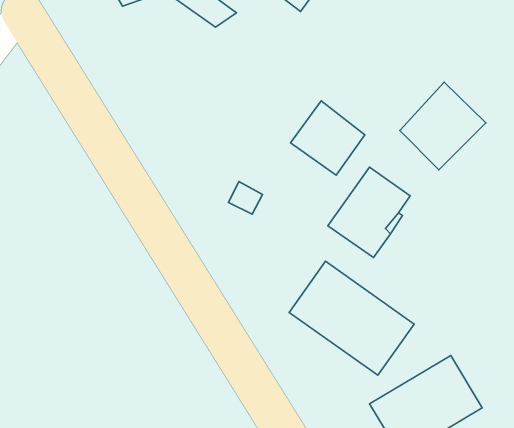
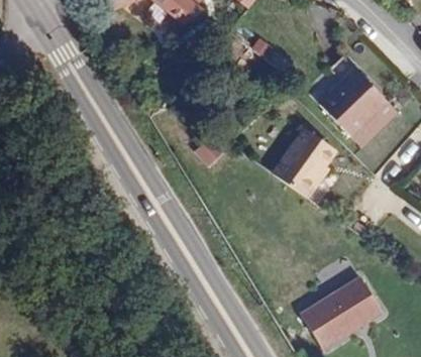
building: [290,101,365,175] -> none
building: [289,261,414,375] -> none

